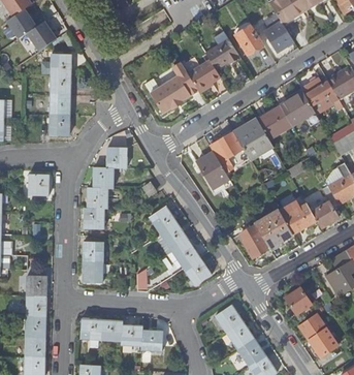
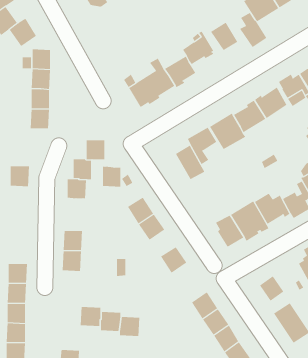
building: [84,207,103,228] -> [102,166,121,187]
building: [171,240,199,268] -> none
building: [79,318,101,339] -> none

